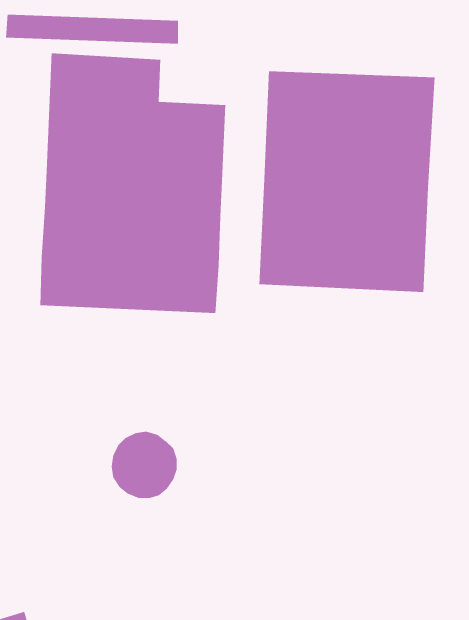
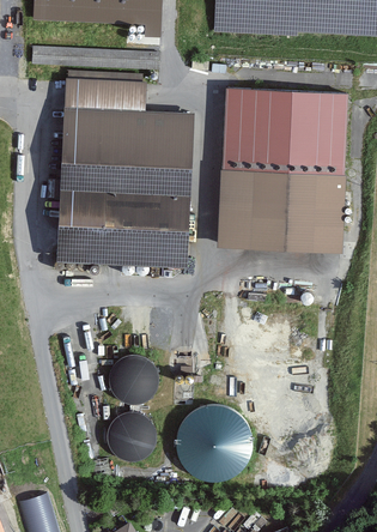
building: none -> [174,404,251,482]
building: none -> [107,412,157,461]

